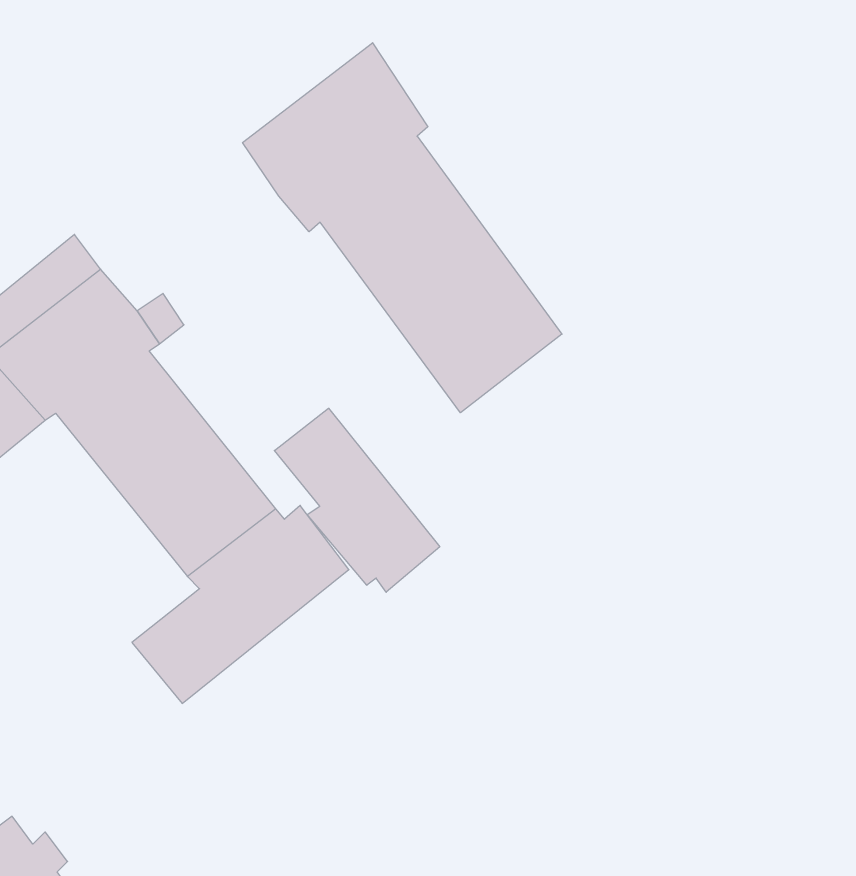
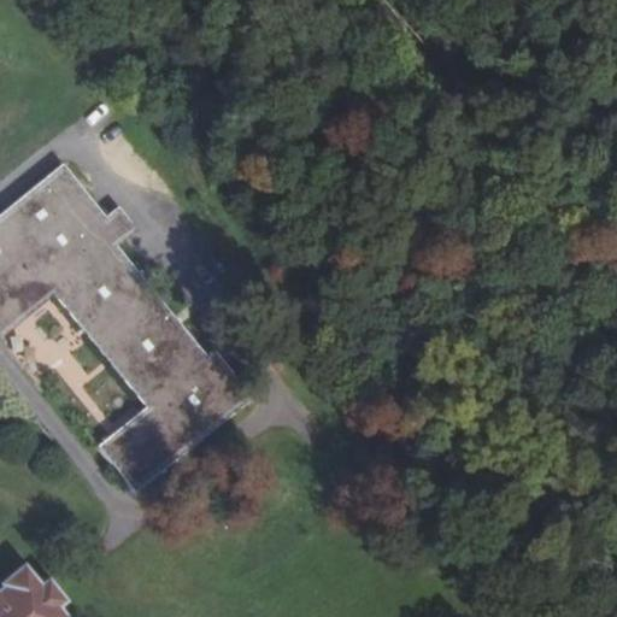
building: [243,43,562,413] -> none
building: [274,408,440,592] -> none

